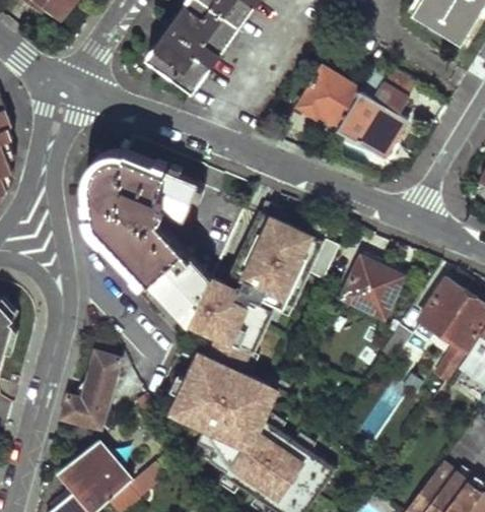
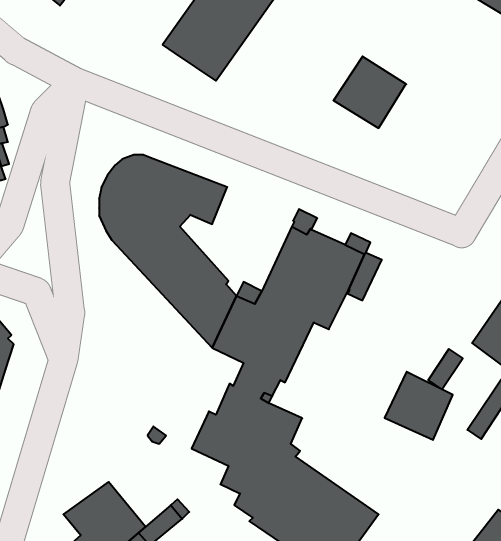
building: [336,84,404,156] -> none
building: [340,257,400,317] -> [385,372,453,440]
building: [60,354,119,429] -> none

